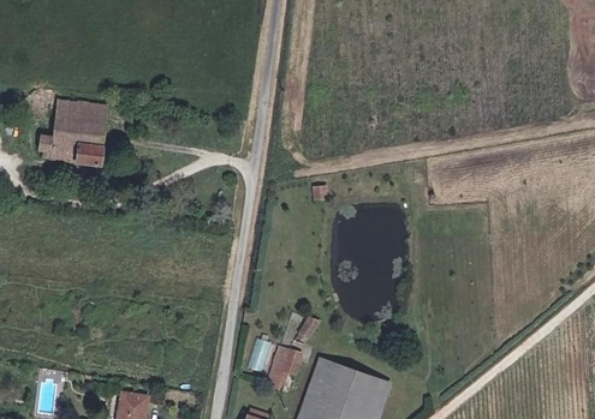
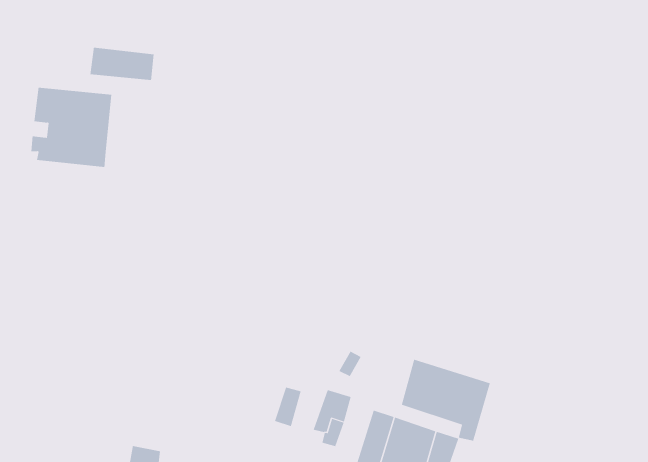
building: none -> [90,47,154,81]
building: none -> [401,359,491,441]

